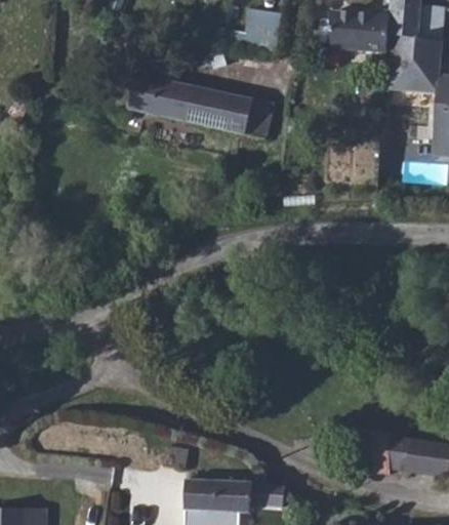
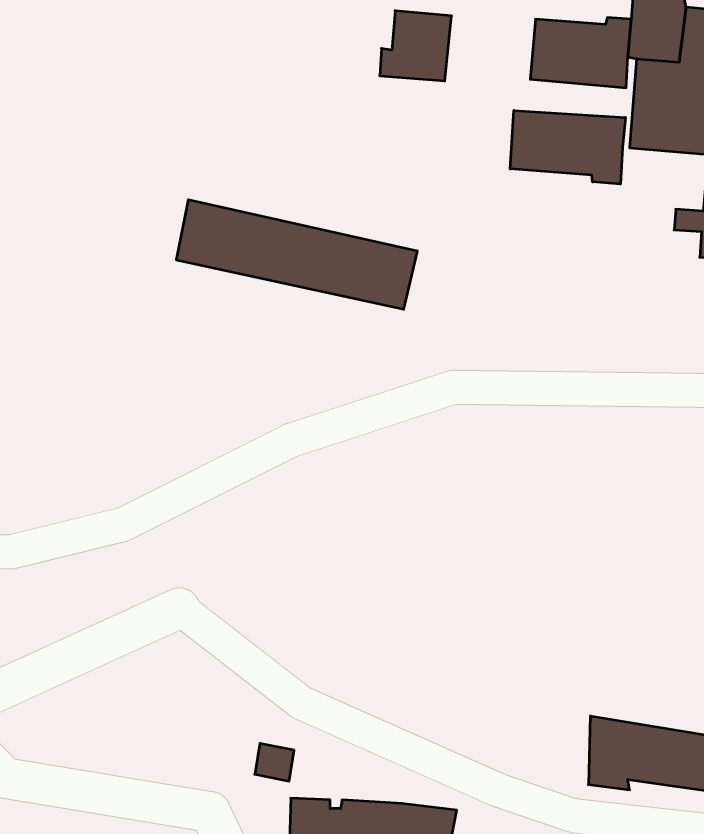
building: none -> [510,110,625,184]
building: [130,74,275,139] -> [176,200,417,309]

